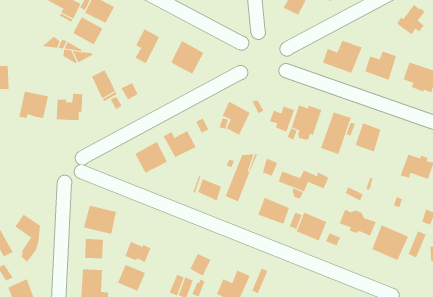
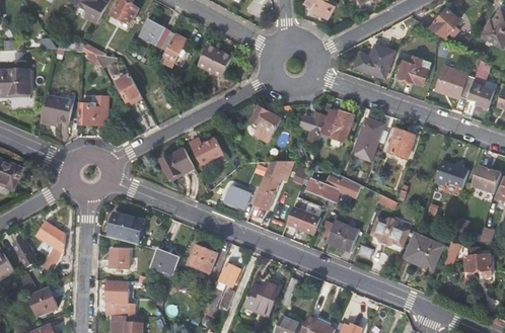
building: [73,17,103,45] -> [139,19,170,49]
building: [117,264,146,292] -> [188,245,217,273]

